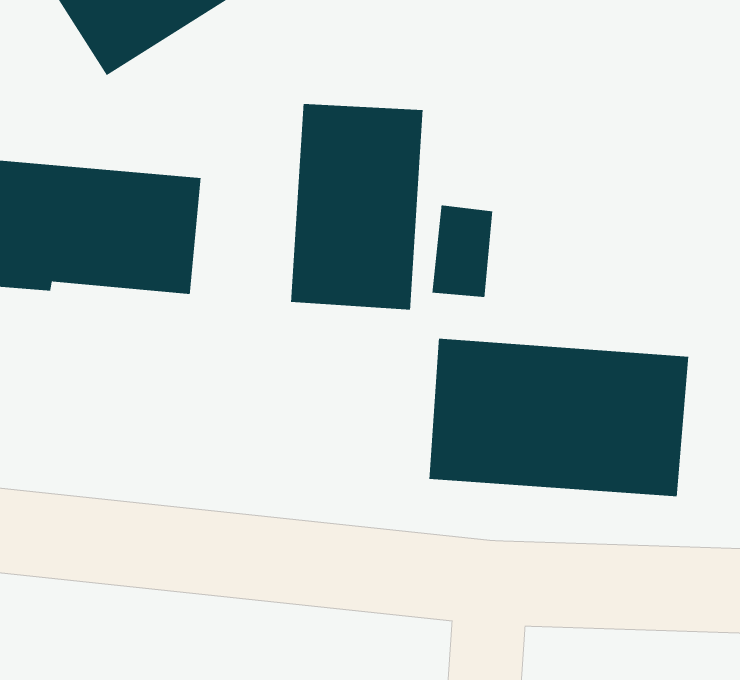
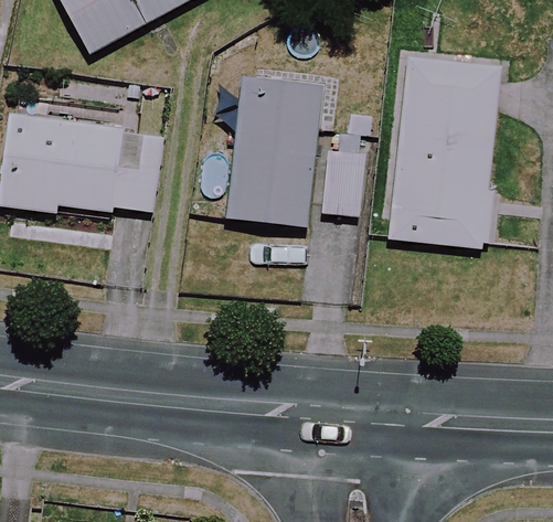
building: none -> [392,56,498,245]
building: [428,338,689,497] -> none

